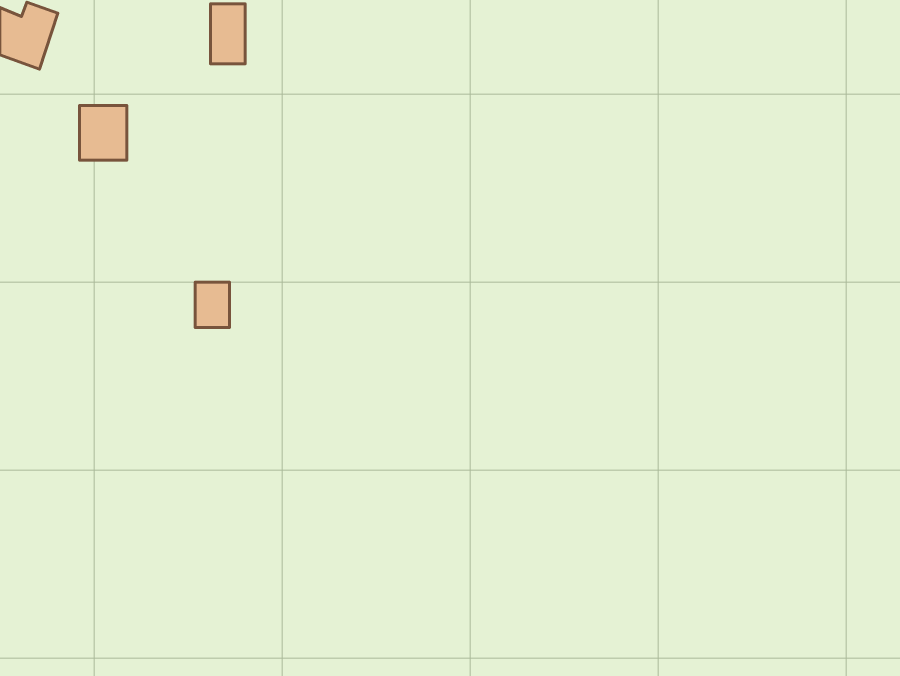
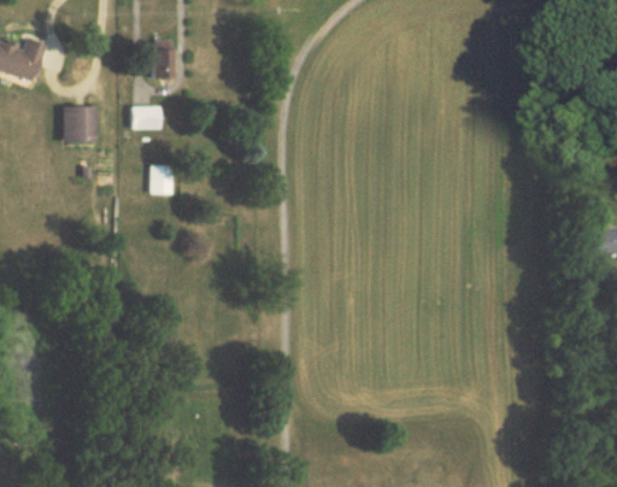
building: none -> [130,105,158,128]
building: [195,282,230,327] -> [151,164,174,194]

